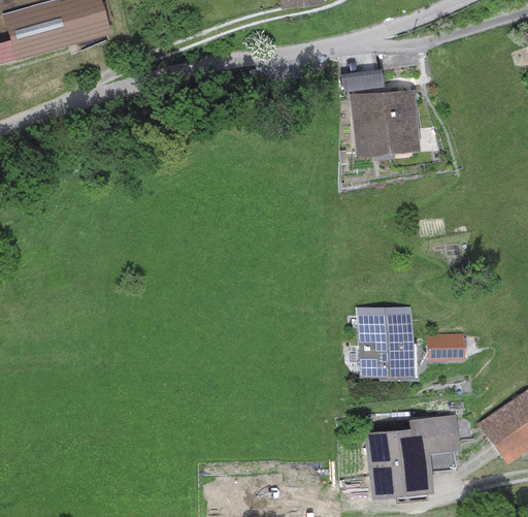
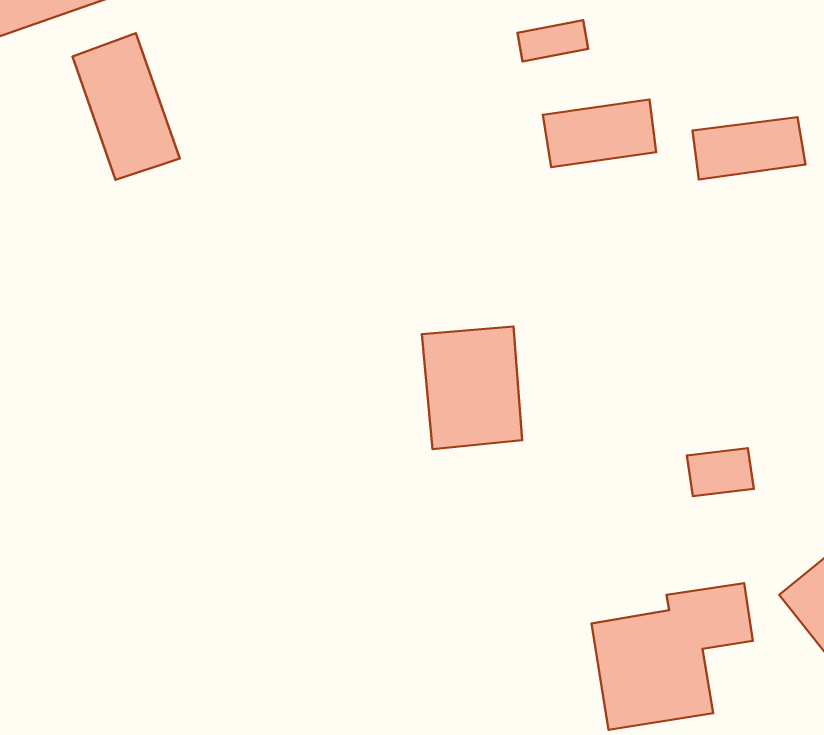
building: none -> [72,33,180,180]
building: [351,90,418,124] -> [693,117,805,180]
building: [357,306,414,378] -> [422,327,522,449]

